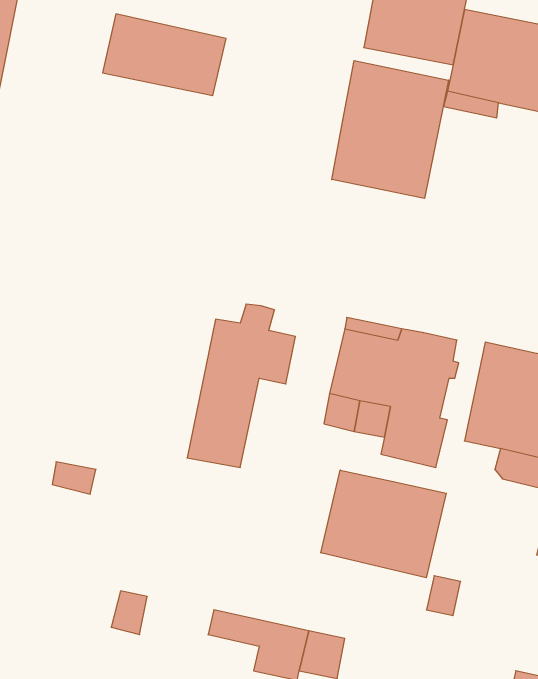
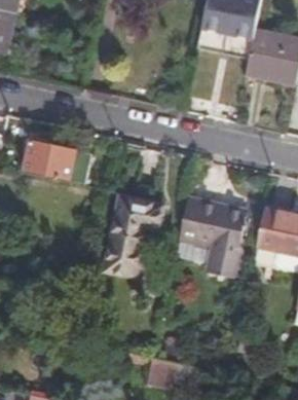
building: [103,14,226,96] -> [20,138,86,182]
building: [332,61,449,198] -> none
building: [321,470,446,578] -> none

